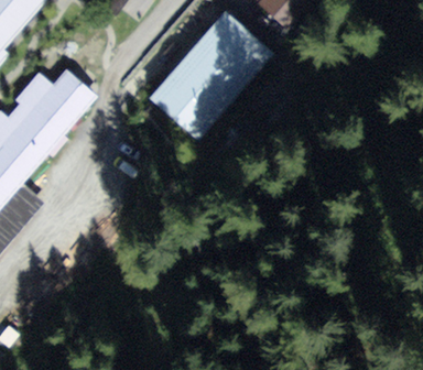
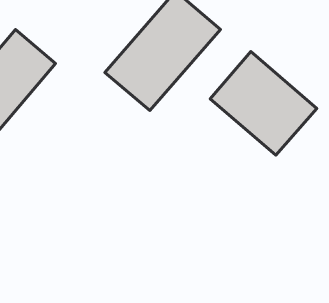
building: none -> [210,52,317,155]

